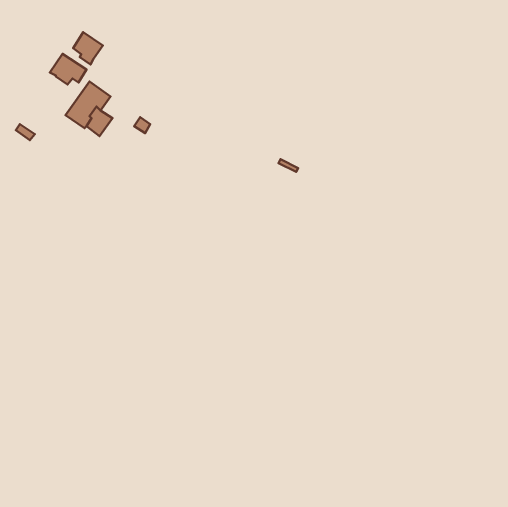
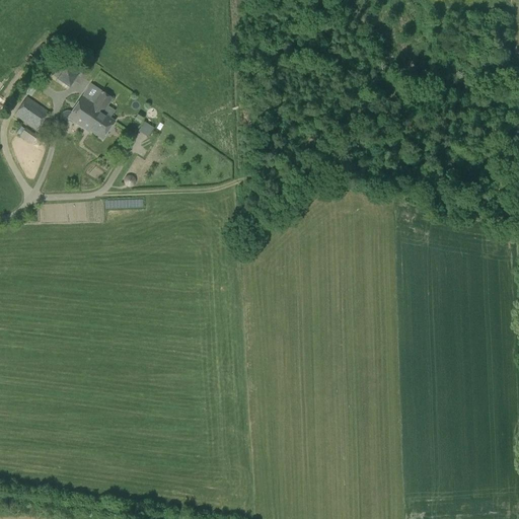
building: [73,32,103,65] -> none
building: none -> [15,97,48,129]

